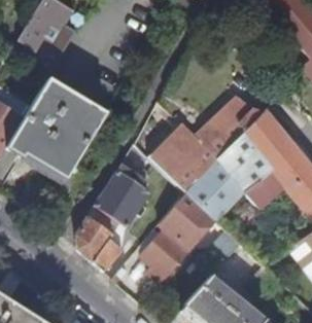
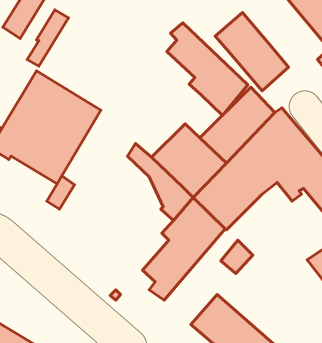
building: none -> [215,13,289,91]
building: none -> [167,23,248,115]
building: [97,166,150,226] -> none
building: [77,212,122,271] -> none

